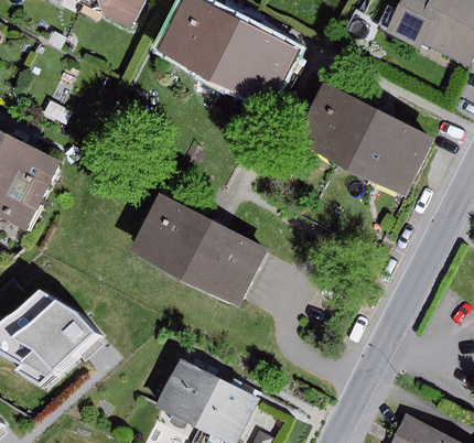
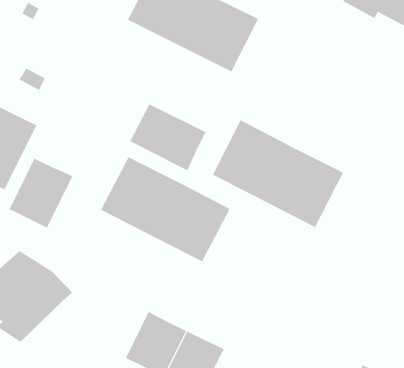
building: [294,82,433,196] -> [212,119,344,228]
building: none -> [130,103,206,171]
building: none -> [9,158,73,229]

